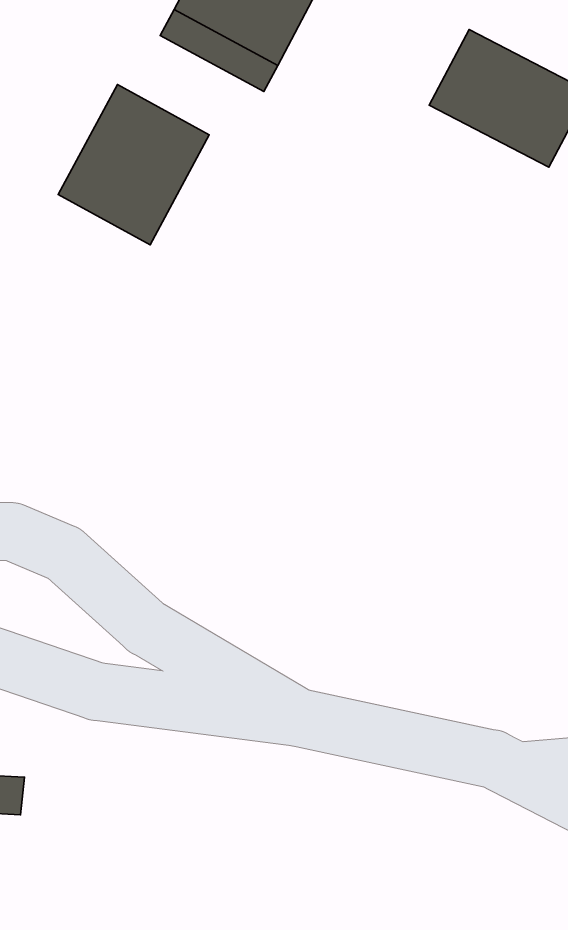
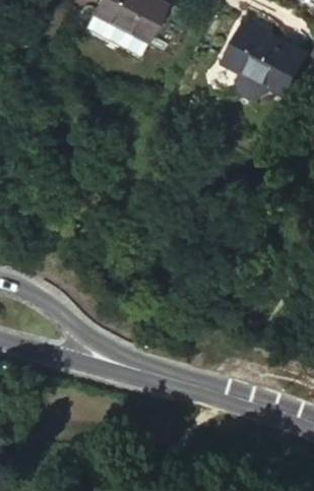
building: [58,85,209,245] -> none

